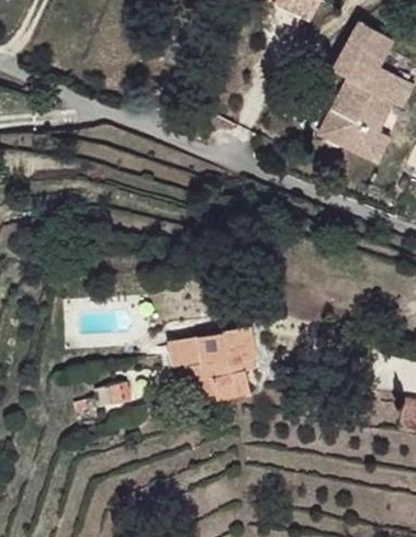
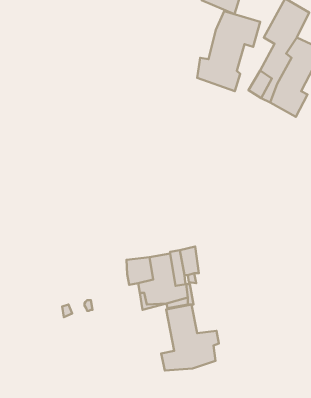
building: none -> [197,11,260,91]
building: none -> [161,305,219,370]

